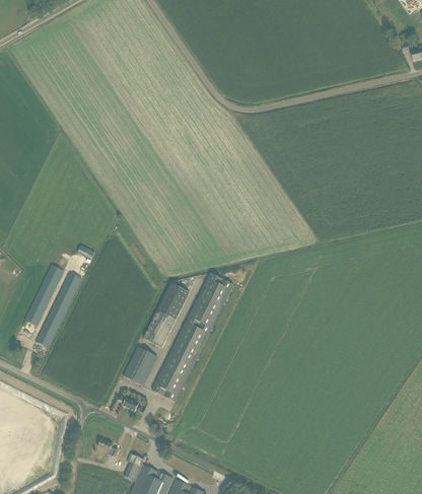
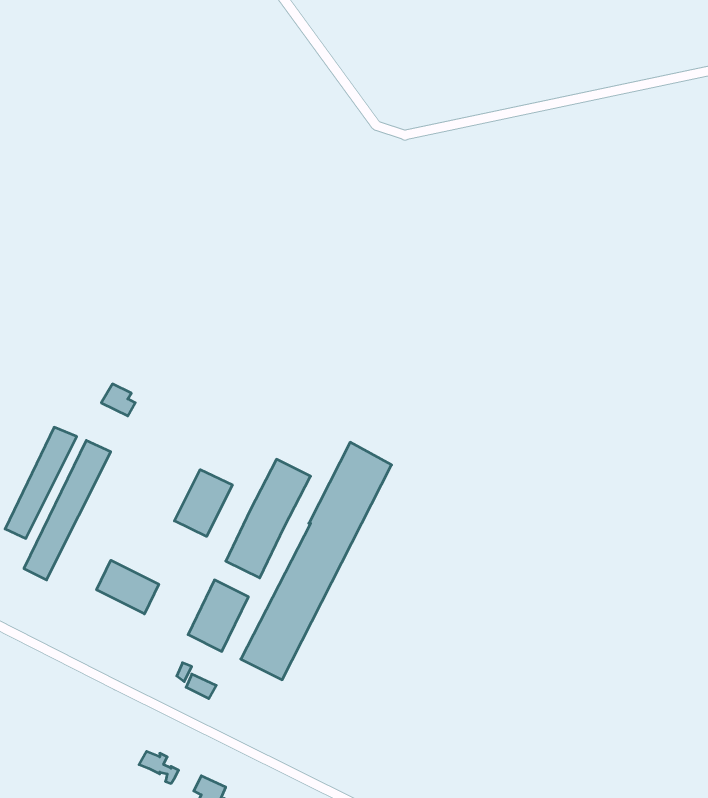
building: none -> [174,470,232,536]
building: none -> [97,560,159,614]

